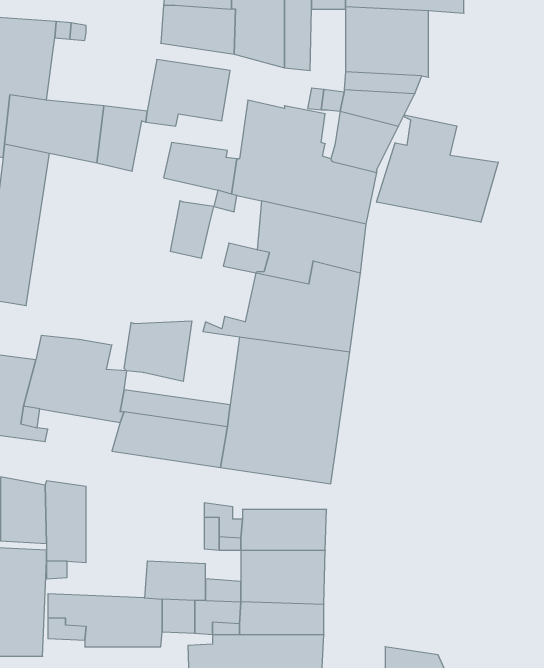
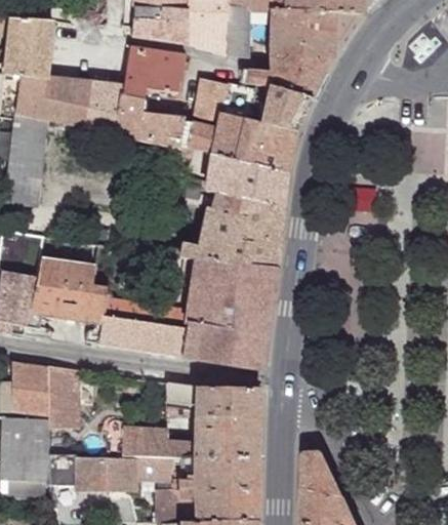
building: [377,115,498,222] -> none
building: [170,201,214,258] -> [112,93,145,136]
building: [124,321,192,381] -> none
building: none -> [302,452,342,496]

